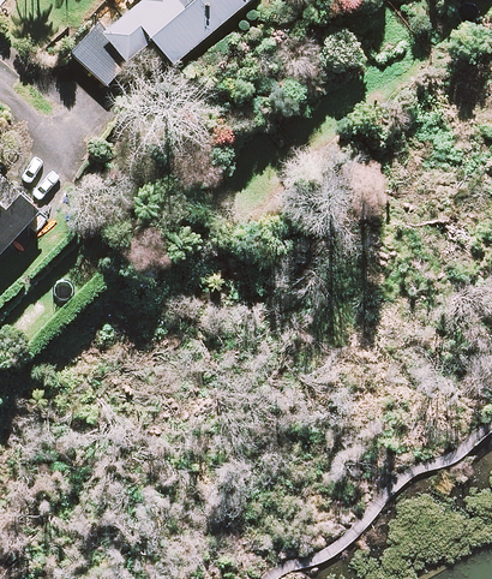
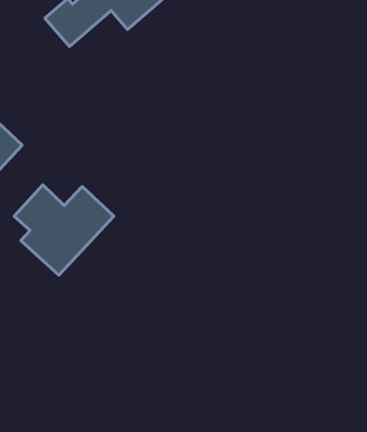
building: none -> [14,185,114,275]

